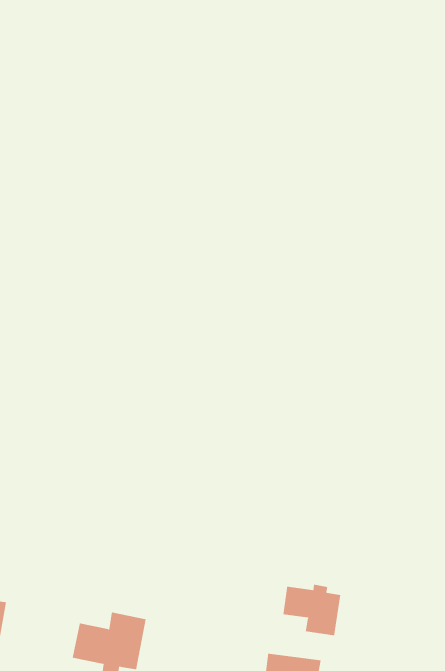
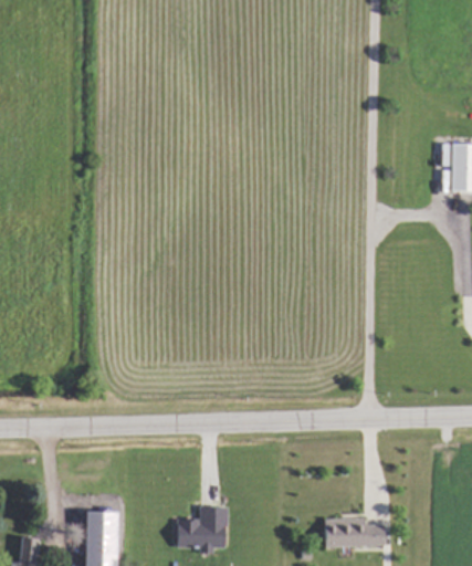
building: [283,584,341,636] -> none

